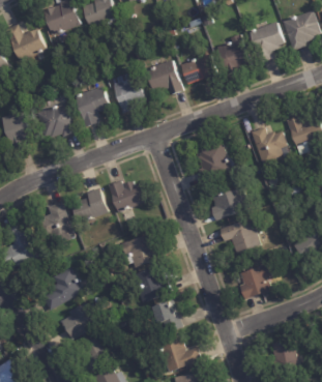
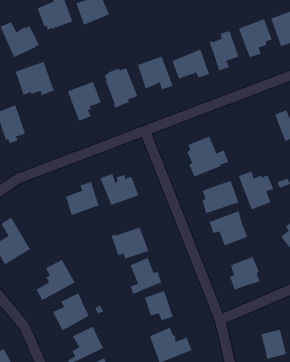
building: [34,101,75,137] -> [15,61,54,96]
building: [250,126,287,167] -> [238,171,274,210]
building: [36,201,74,241] -> none

